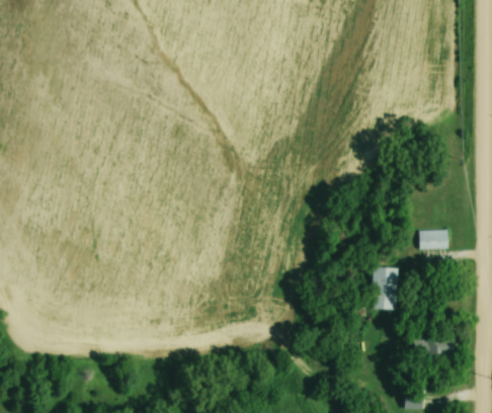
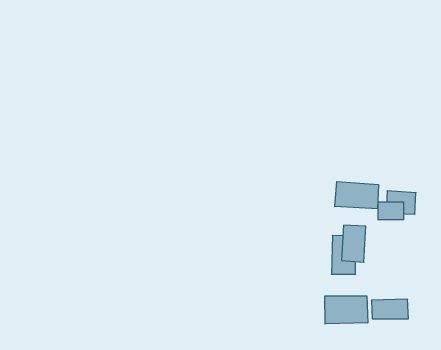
building: none -> [335,182,378,209]
building: none -> [325,296,368,324]

